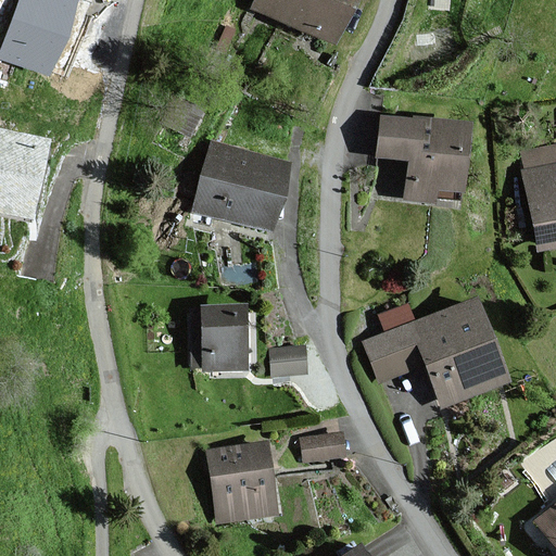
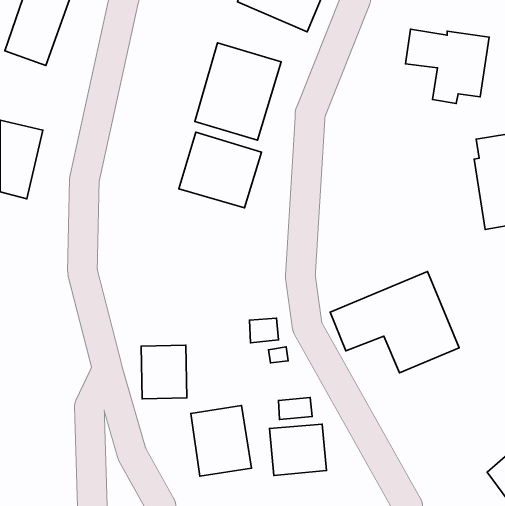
building: none -> [195,43,281,140]
building: [372,122,464,203] -> [406,29,489,104]
building: [195,308,245,367] -> [141,345,187,399]
building: none -> [270,424,327,476]

